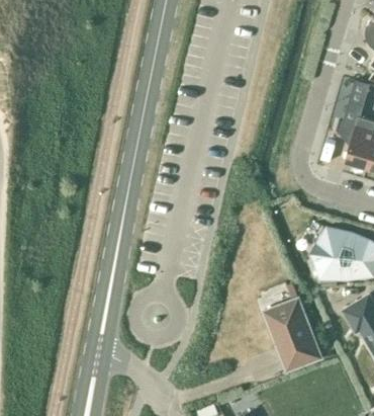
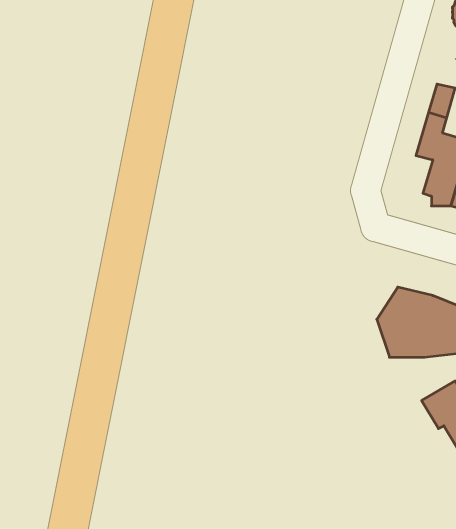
building: [264,299,320,370] -> none

